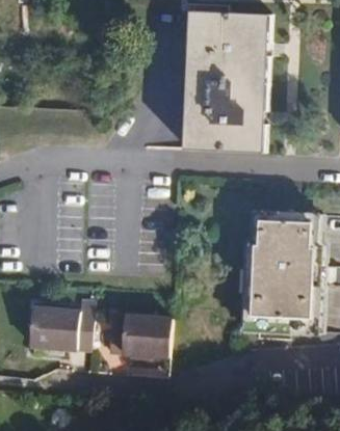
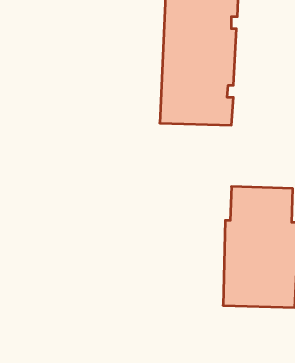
building: [31,308,94,350] -> none
building: [109,314,171,356] -> none

